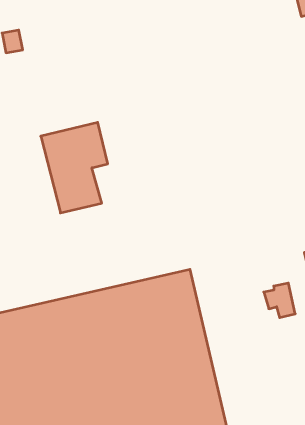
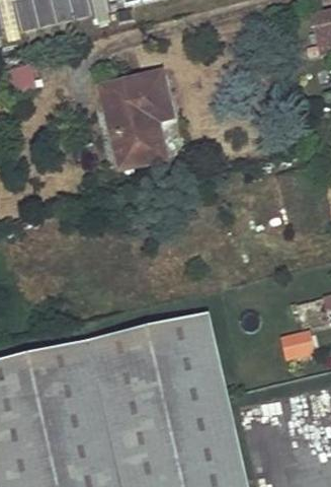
building: [41,122,108,213] -> [102,73,171,166]

